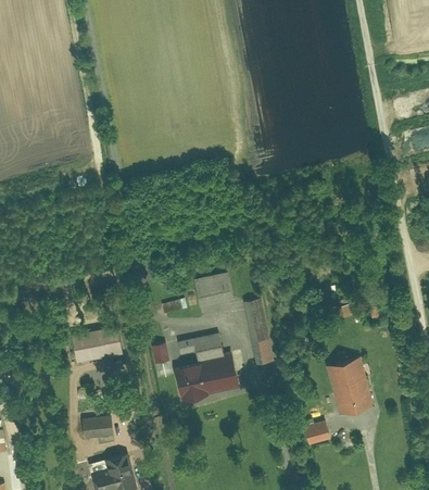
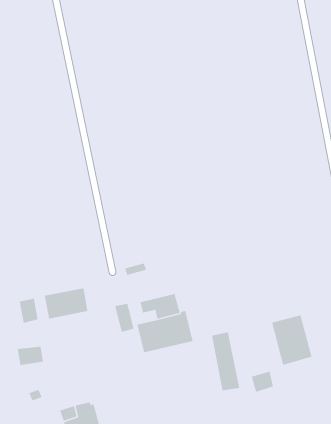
building: [193,273,234,306] -> none
building: [243,298,276,365] -> [211,331,240,391]
building: none -> [19,298,38,324]
building: [81,416,112,439] -> [17,346,44,366]

